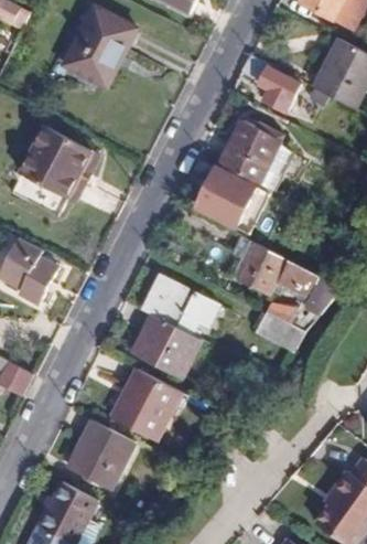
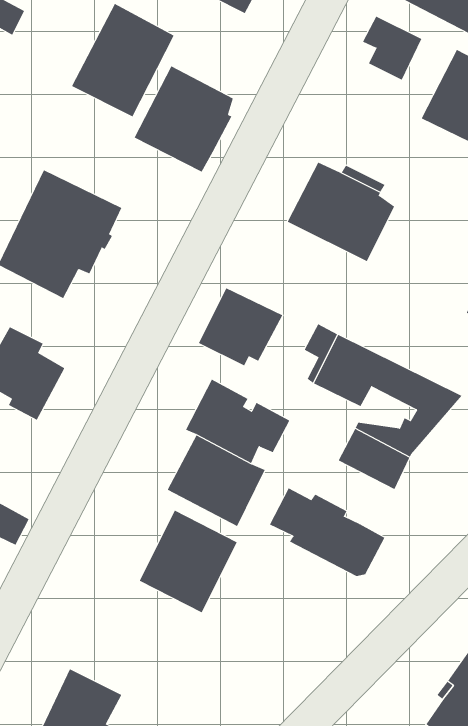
building: none -> [134,66,234,172]
building: [257,66,300,113] -> [362,16,422,80]
building: [195,167,256,223] -> [198,288,283,366]
building: none -> [269,487,385,577]
building: [66,419,134,490] -> none

